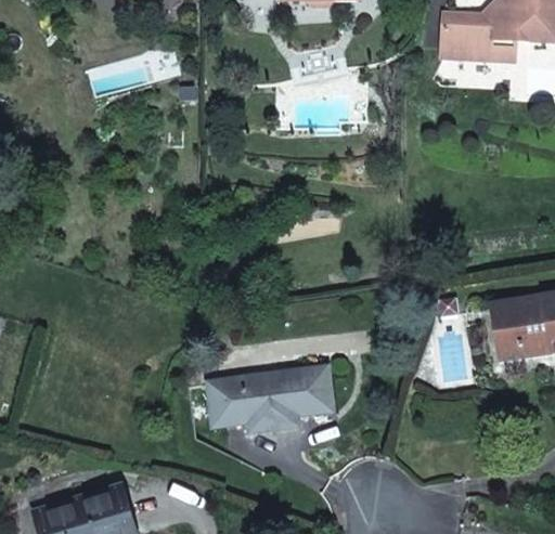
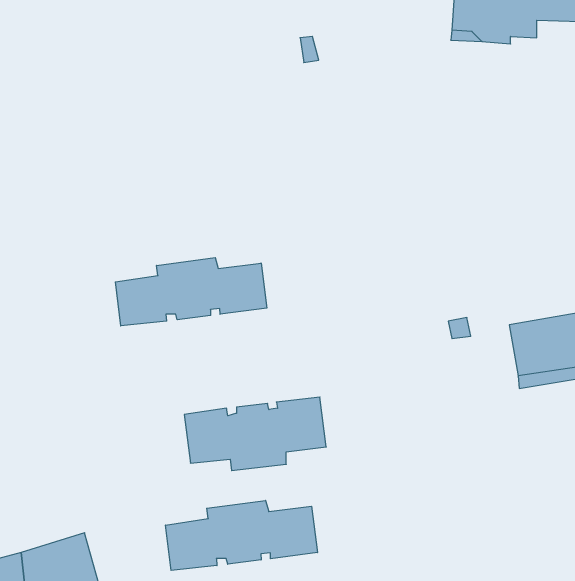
building: none -> [115,258,267,326]
building: none -> [166,500,317,570]

